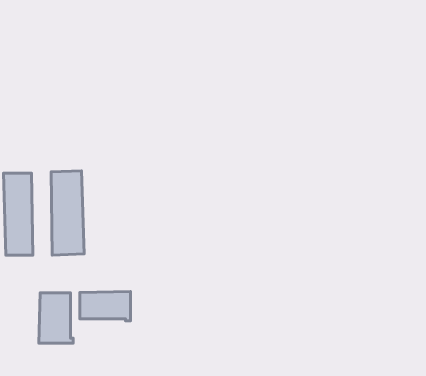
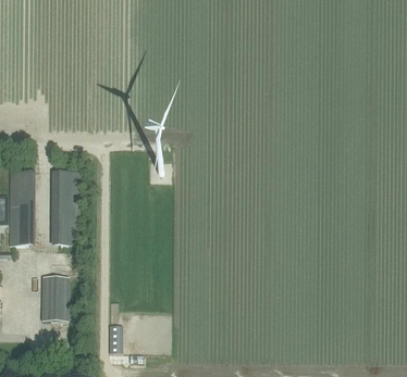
building: [80,292,130,321] -> none

